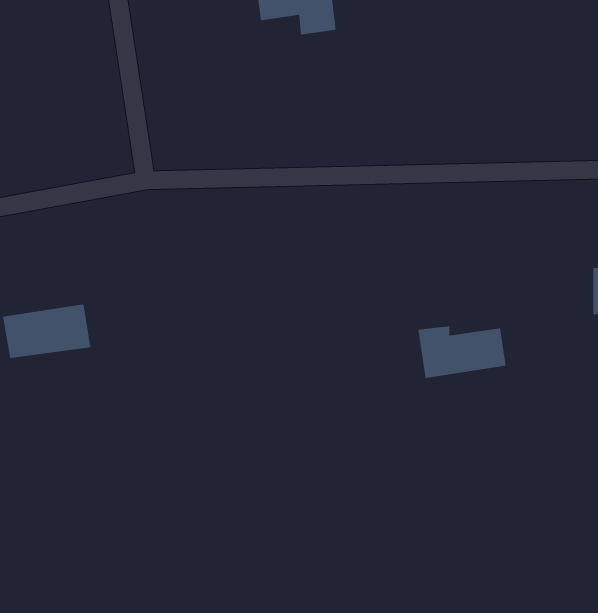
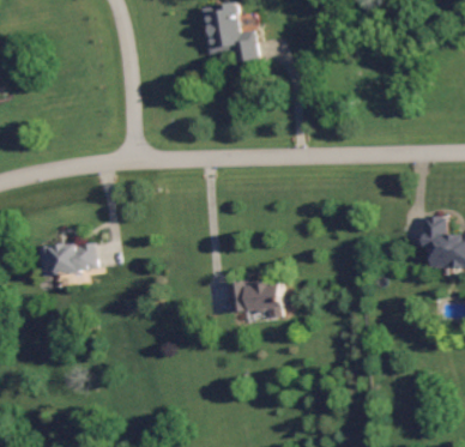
building: [417,326,506,379] -> [227,280,285,315]

